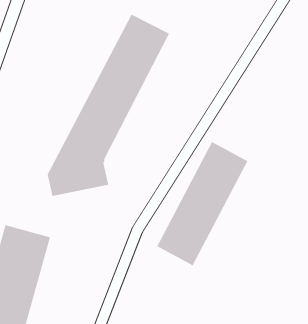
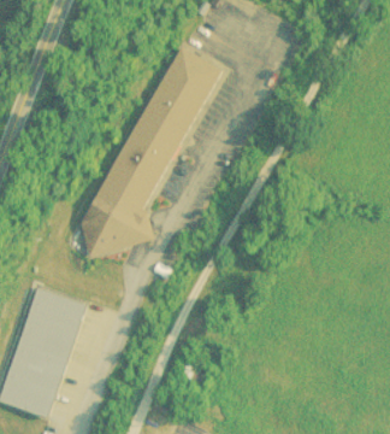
building: [156,141,248,266] -> none

